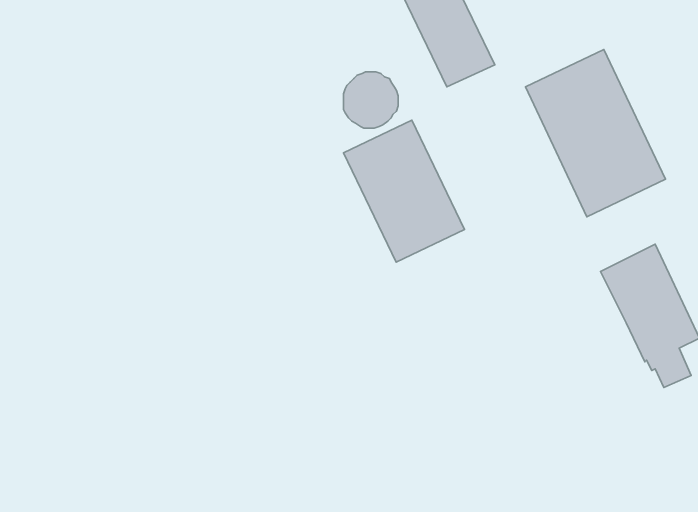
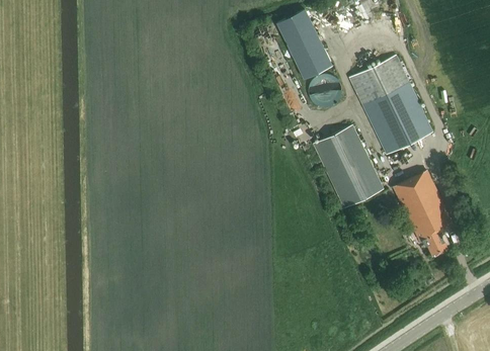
building: [343,72,398,128] -> [307,74,339,107]
building: [343,120,465,262] -> [313,125,385,209]

